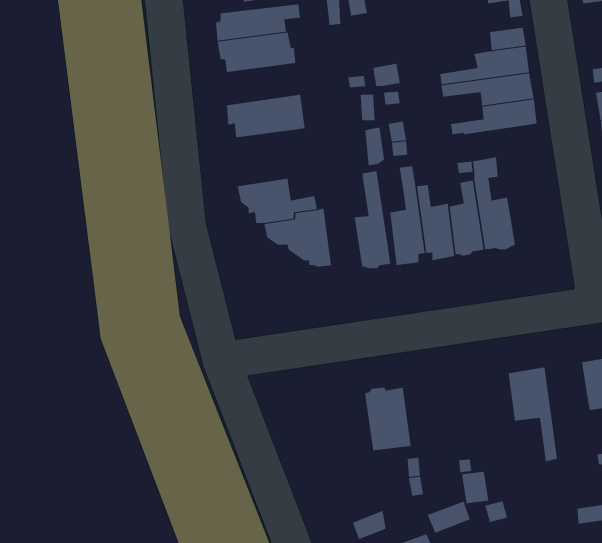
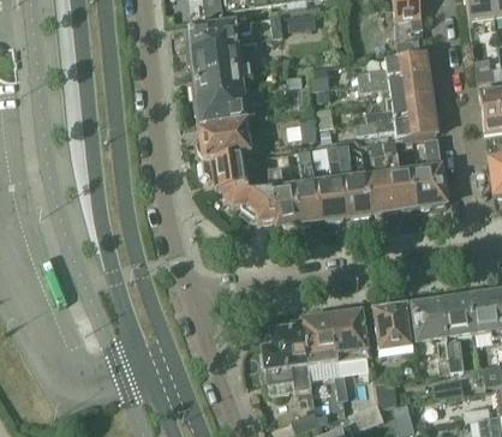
building: none -> [192,64,251,96]
building: none -> [357,110,437,137]
building: none -> [198,120,252,158]
building: none -> [411,136,447,205]
building: none -> [269,168,299,223]
building: none -> [441,294,474,369]
building: none -> [373,301,413,357]
building: none -> [331,307,367,359]
building: none -> [261,319,311,388]

